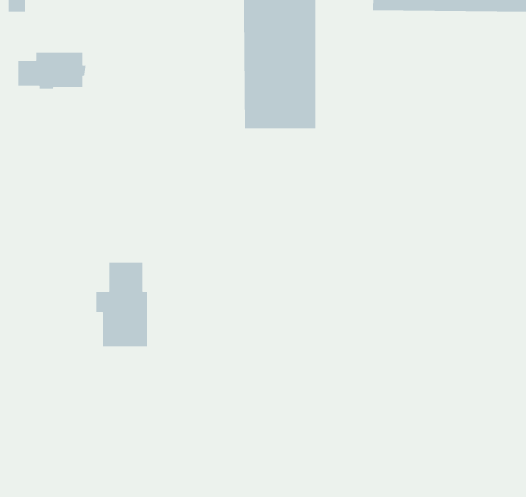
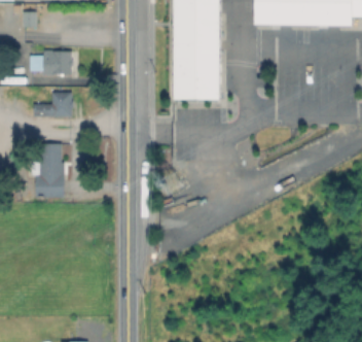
building: none -> [36,91,74,114]
building: [95,262,148,347] -> [33,142,66,196]

